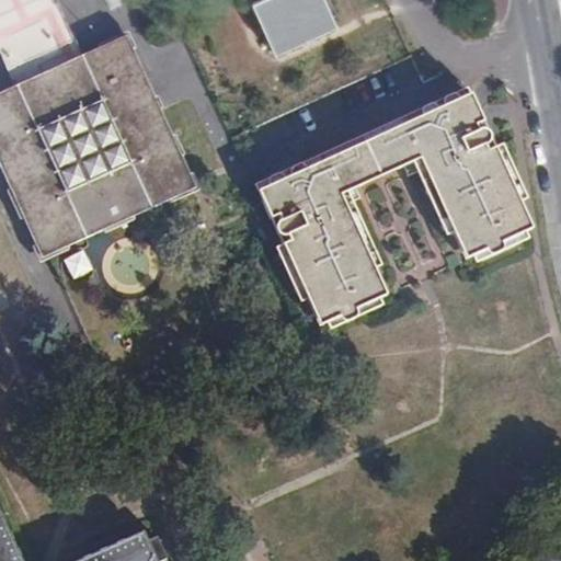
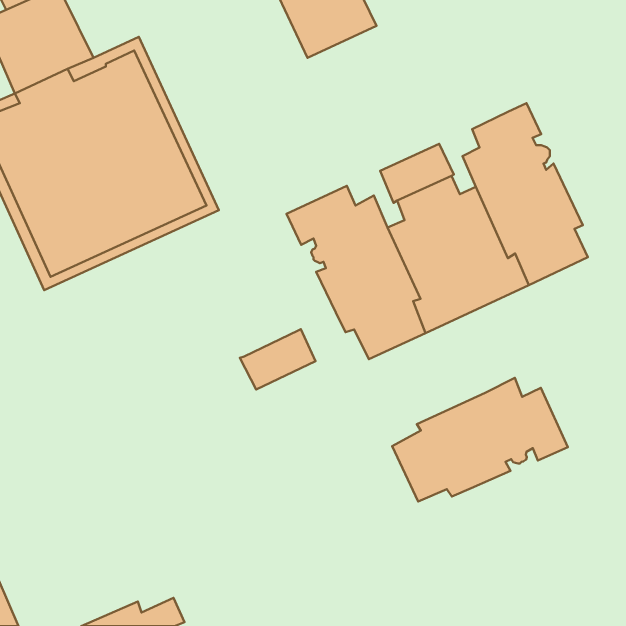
building: [391,115,427,173] -> none
building: [309,152,360,203] -> none
building: none -> [240,329,315,390]
building: none -> [392,378,568,501]

